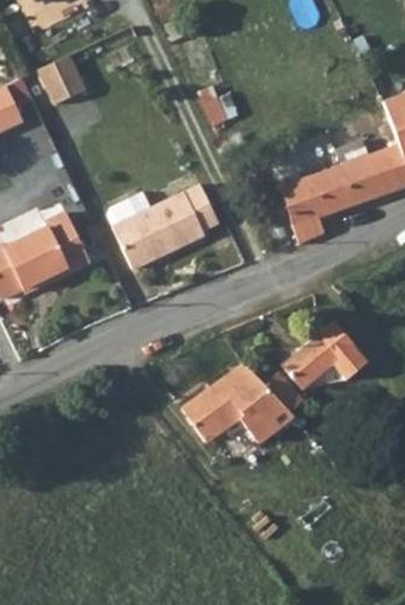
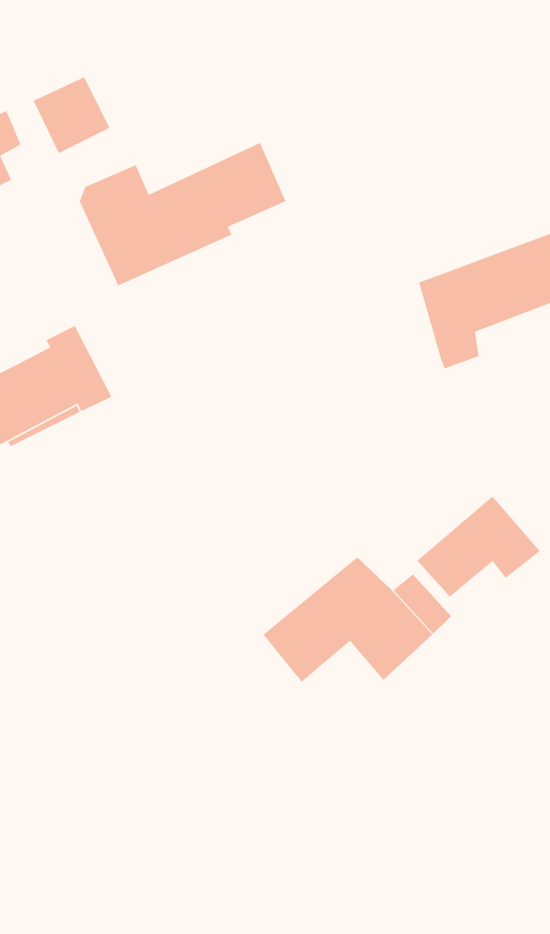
building: [105,180,238,272] -> [79,142,286,287]

